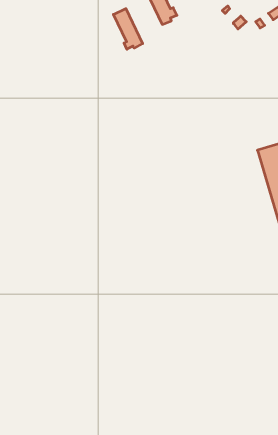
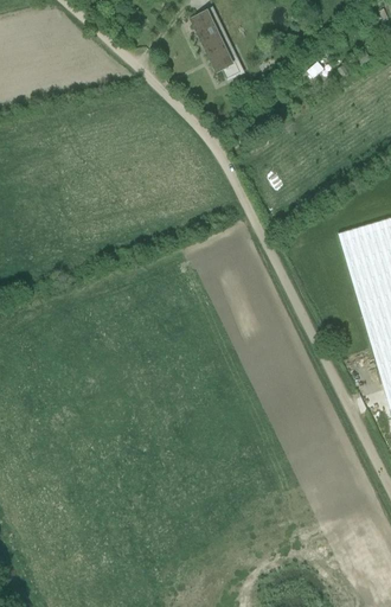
building: [113,9,143,49] -> none

